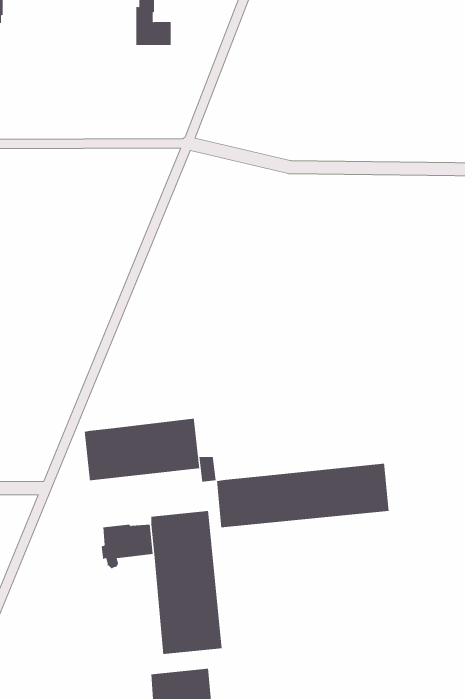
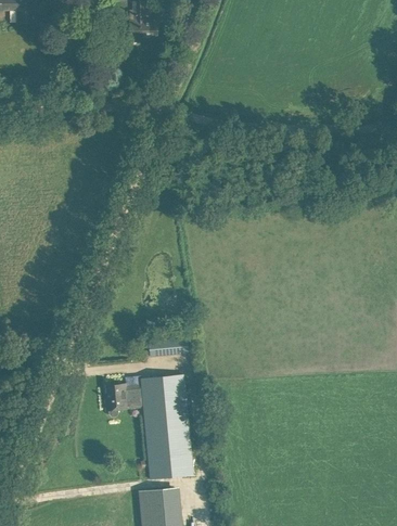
building: [84,418,200,481] -> none
building: [216,463,389,528] -> none

